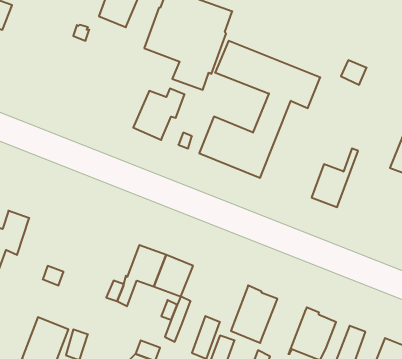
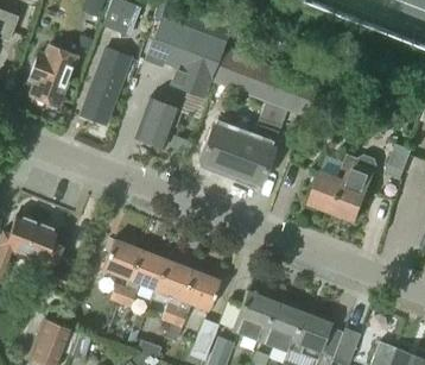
building: none -> [80,46,129,122]
building: none -> [27,49,75,105]
building: none -> [334,156,376,220]
building: none -> [23,222,61,263]
building: none -> [102,238,141,279]
building: none -> [182,269,221,309]
building: none -> [259,298,303,354]

